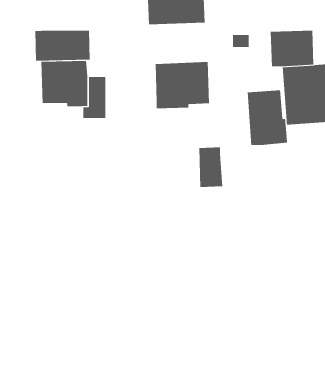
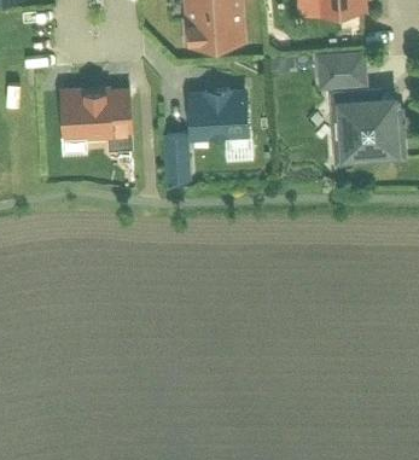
building: [35,30,90,62] -> none
building: [247,90,288,146] -> none
building: [198,147,223,188] -> [164,134,192,180]

